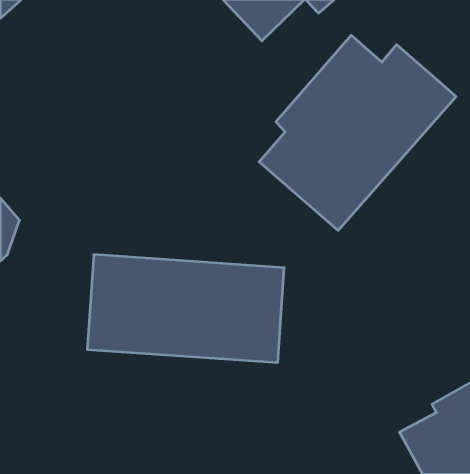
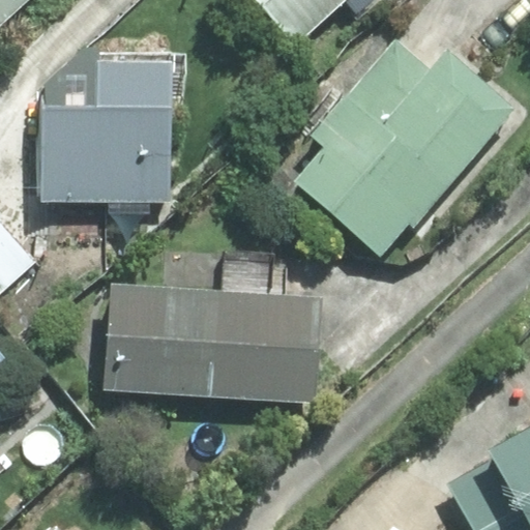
building: none -> [39,60,171,214]

